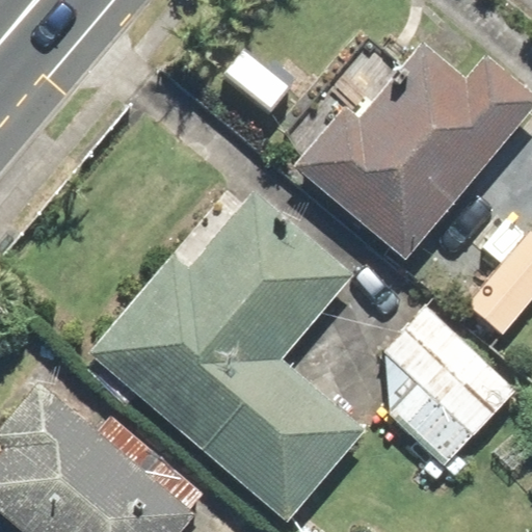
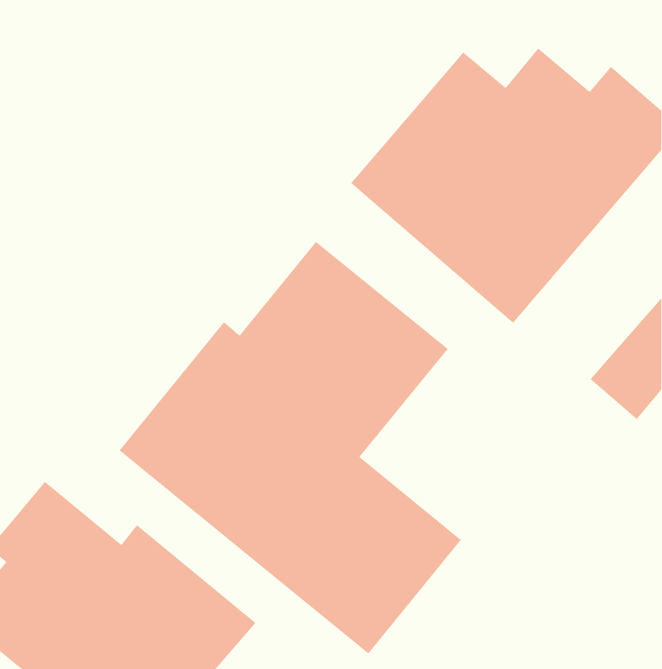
building: [381,307,514,470] -> none

